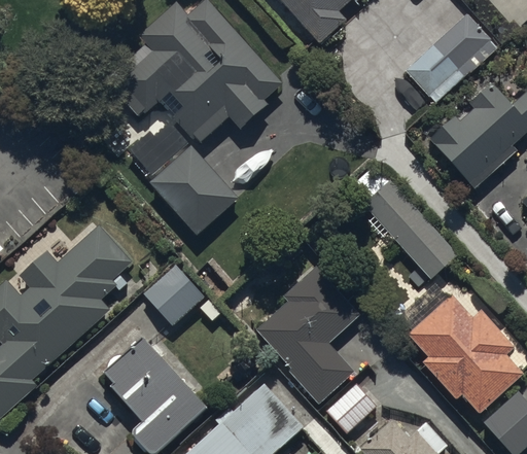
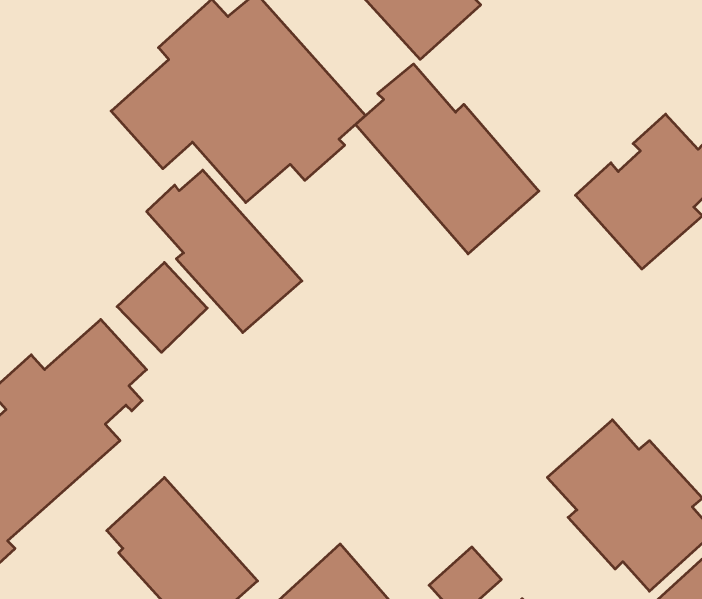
building: [405,14,496,102] -> none
building: none -> [355,64,539,254]
building: [359,175,458,278] -> none
building: [142,263,205,325] -> [117,262,207,352]
building: [254,266,359,404] -> none

